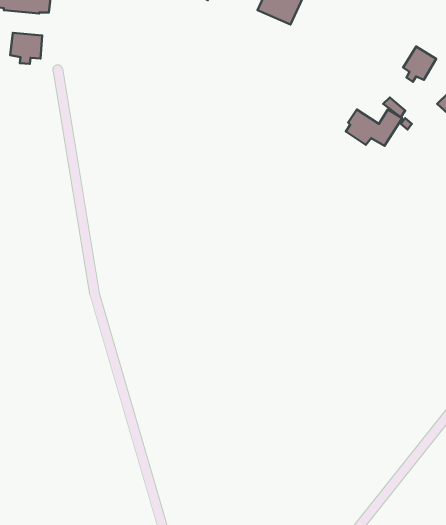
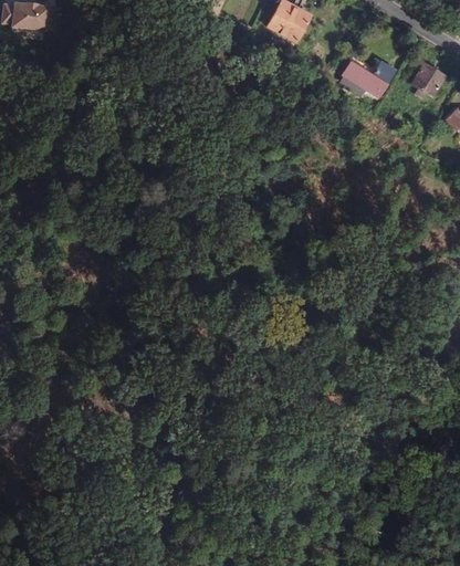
building: [10,33,42,64] -> none
building: [346,109,402,146] -> [339,60,396,96]

